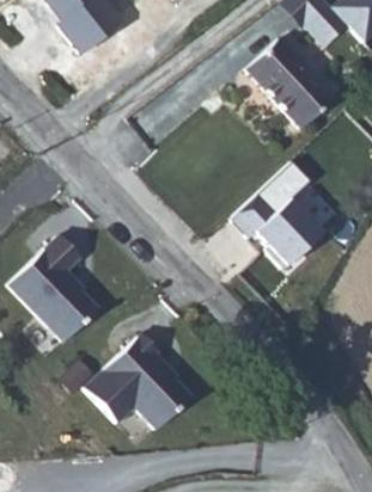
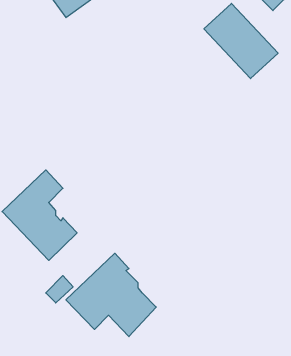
building: [231,159,327,272] -> none

